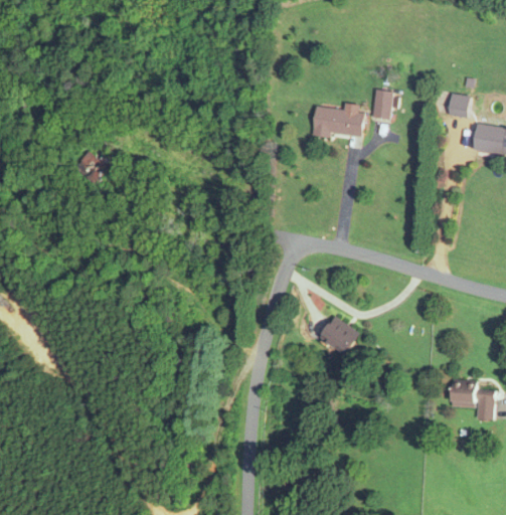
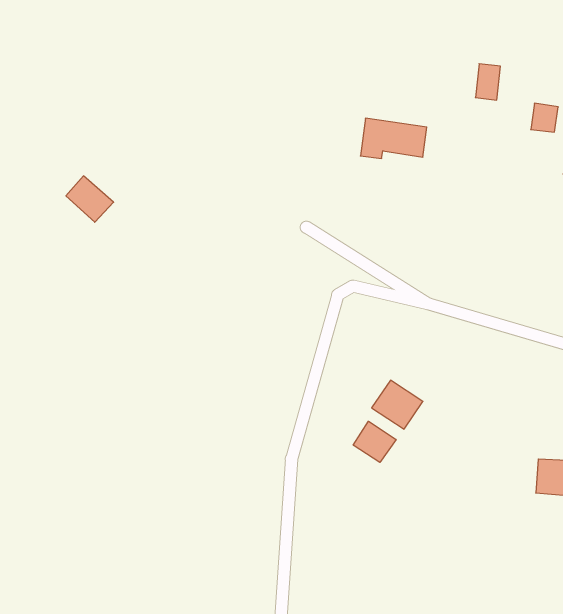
building: [371,89,391,118] -> [475,64,500,100]
building: none -> [353,421,396,462]

